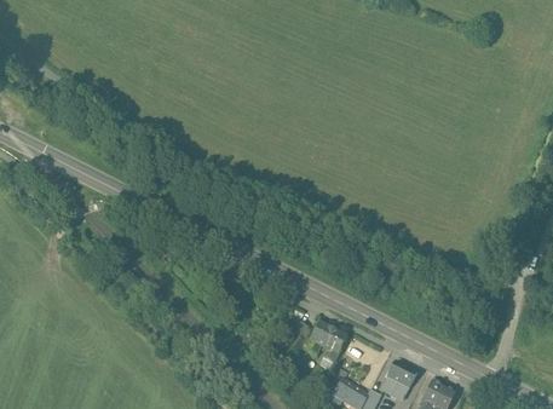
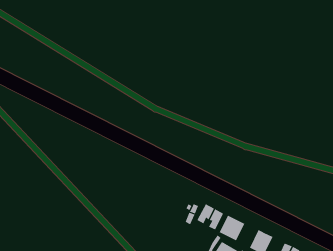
building: none -> [219,215,245,241]

